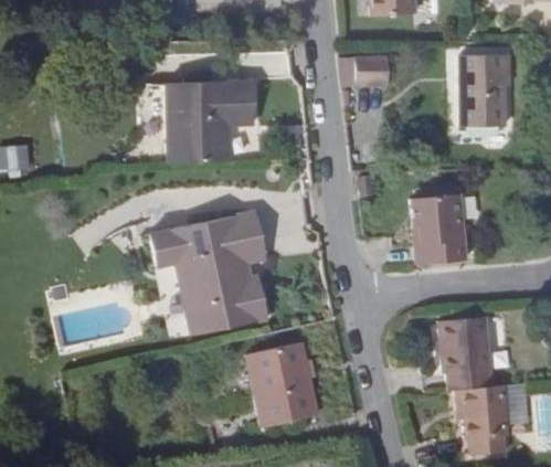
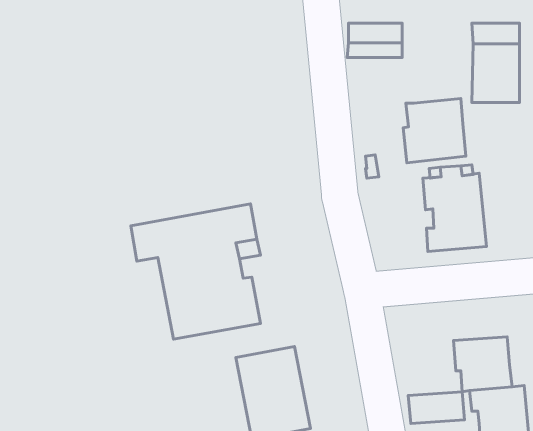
building: [170,82,258,162] -> none
building: none -> [403,99,466,163]
building: [439,311,490,340] -> [408,392,464,423]

